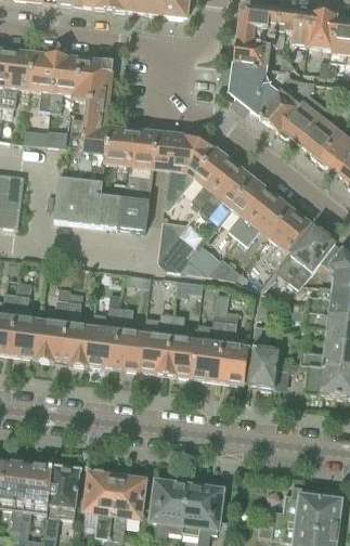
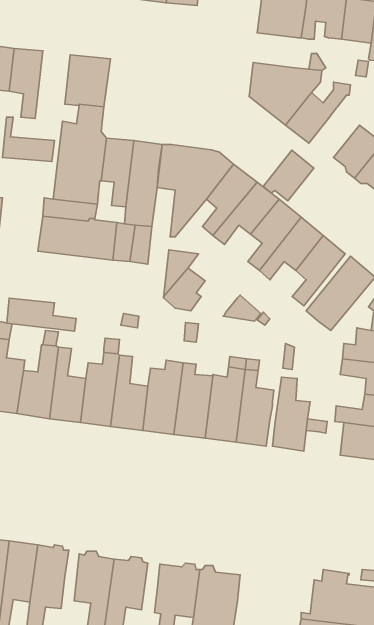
building: [233,39,271,68] -> none
building: [51,54,80,112] -> none
building: [280,101,322,143] -> [263,150,314,201]
building: [181,245,220,275] -> none
building: none -> [7,298,76,331]

